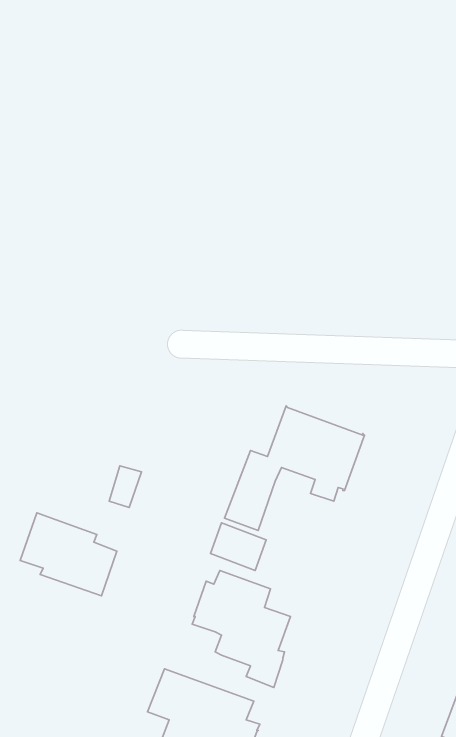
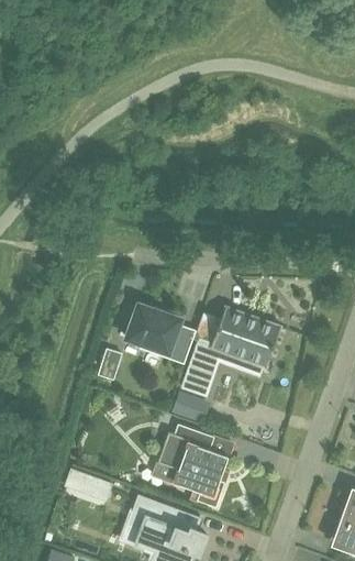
building: [20,513,117,596] -> [125,305,195,364]

